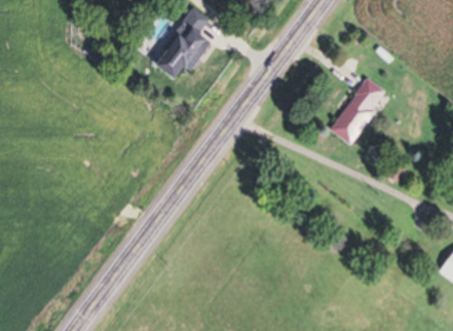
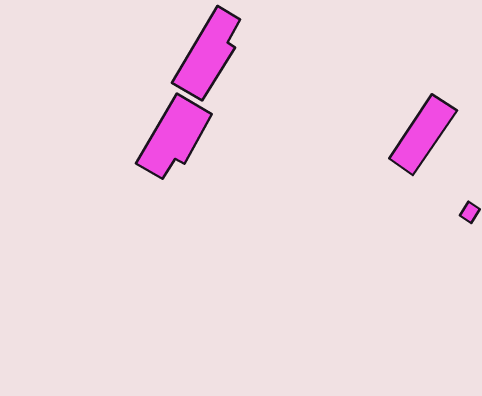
building: none -> [136,93,212,179]

